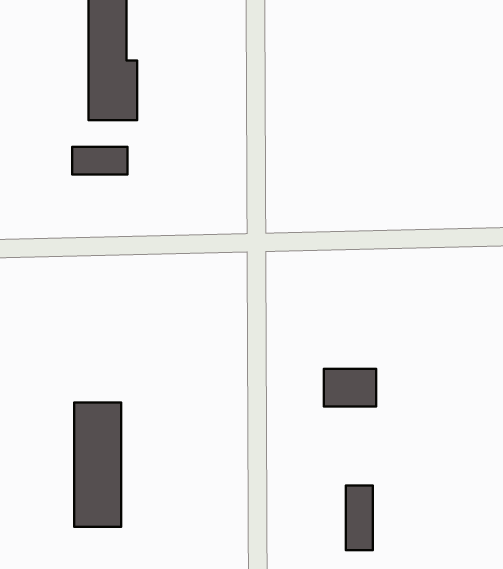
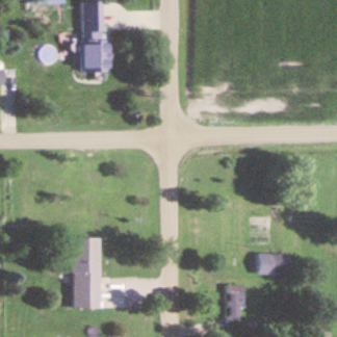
building: [72,147,127,175] -> none
building: [324,369,376,407] -> [259,253,289,275]

